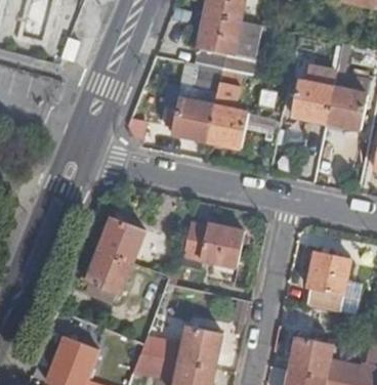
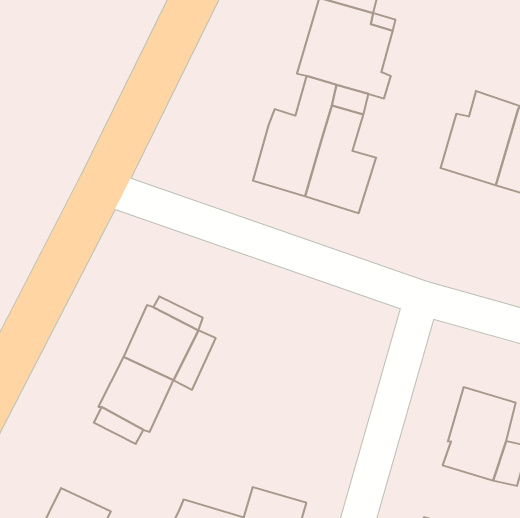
building: [181,223,242,284] -> none

